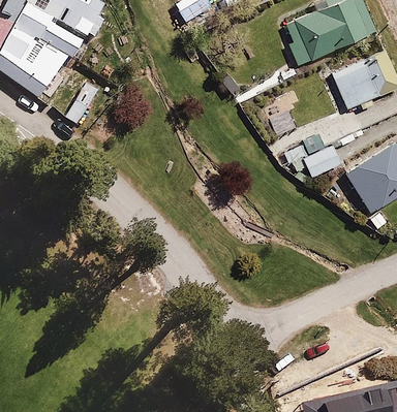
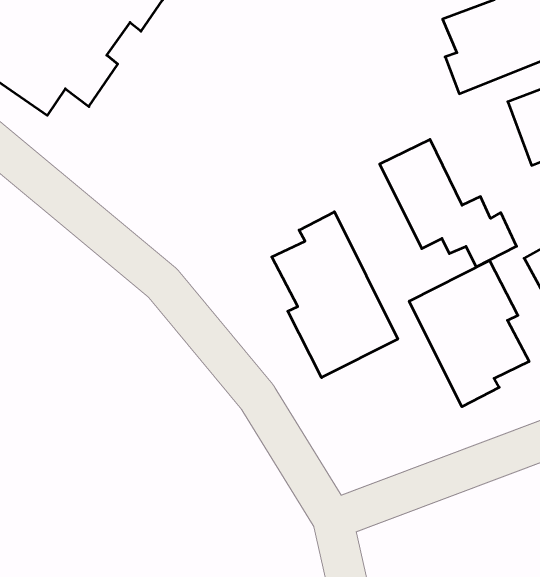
building: none -> [272,212,398,378]
building: none -> [409,260,529,407]

